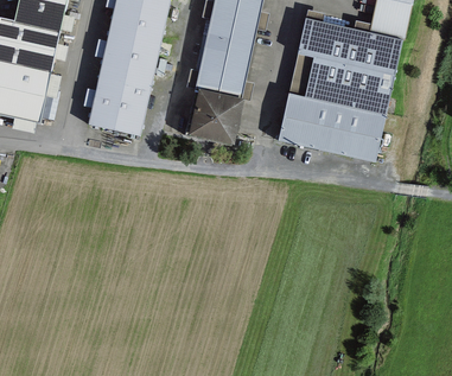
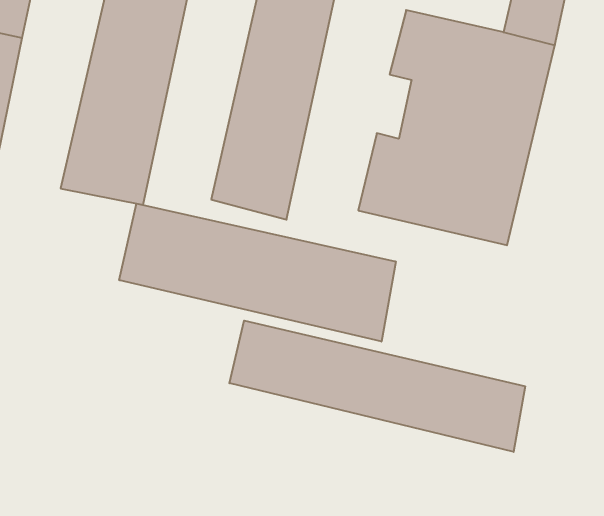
building: none -> [119,204,396,342]
building: none -> [229,321,525,452]

